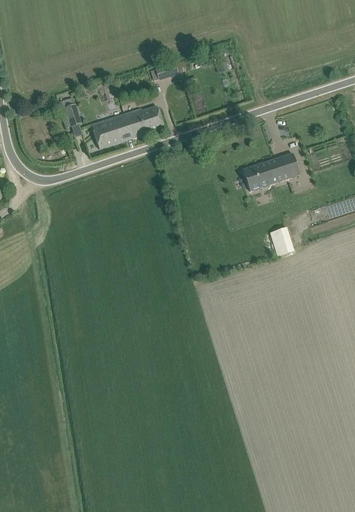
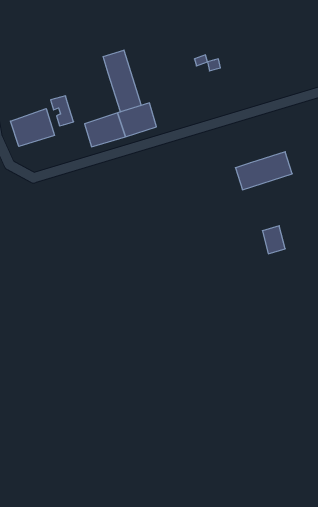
building: none -> [103,50,141,112]
building: none -> [10,109,54,146]

